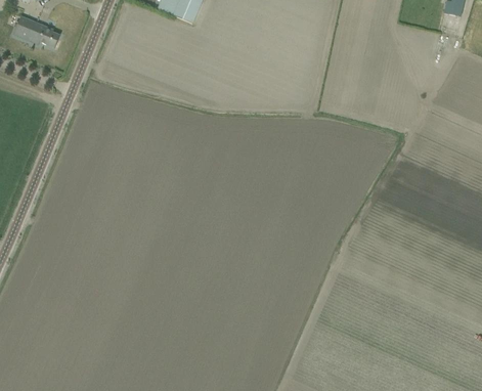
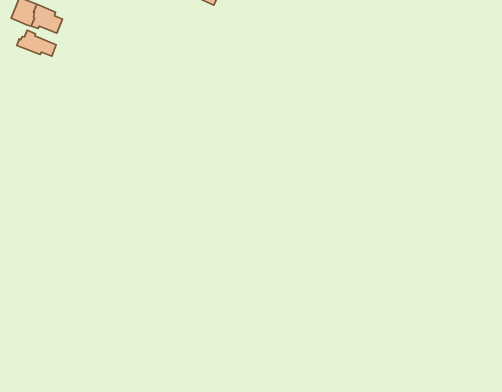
building: none -> [17,30,56,56]

